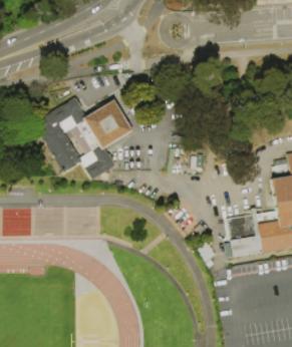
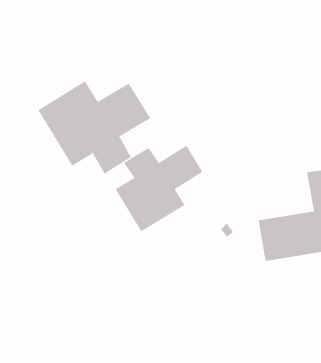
building: none -> [115,145,203,232]

